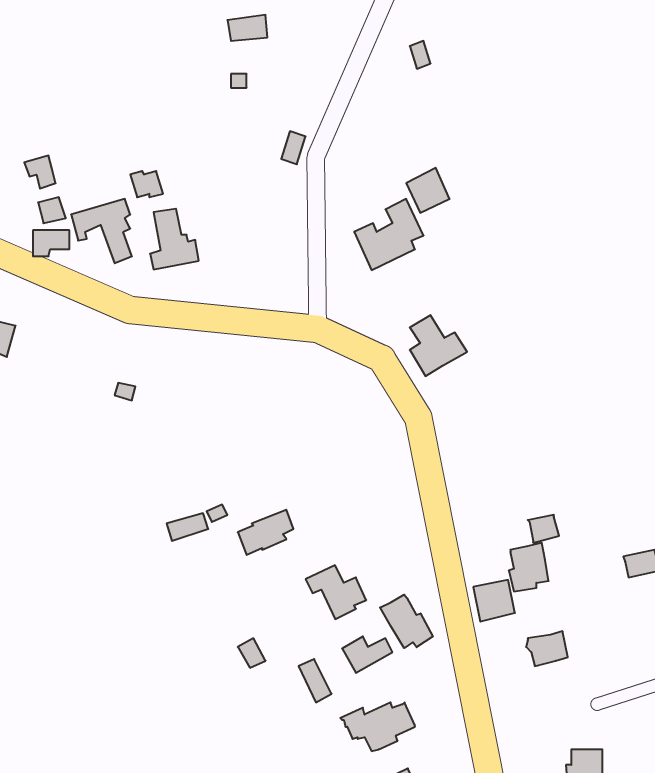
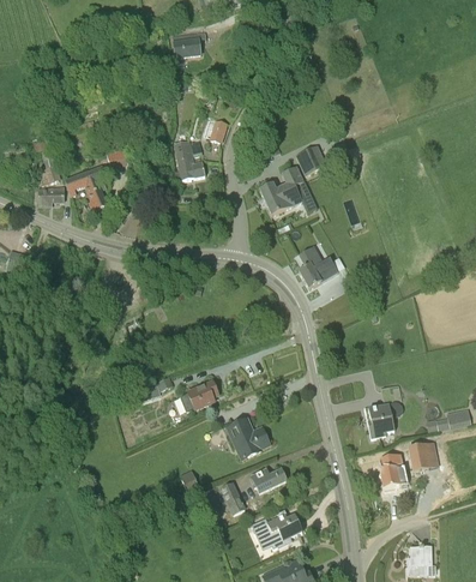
building: [150,209,199,269] -> [171,139,205,181]
building: [473,580,515,622] -> [409,442,438,470]
building: [380,595,433,648] -> none

